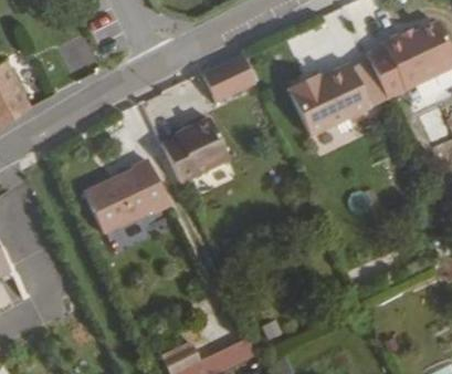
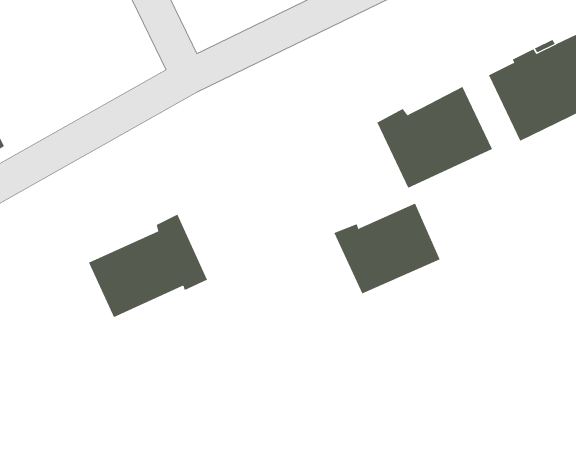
building: [201,48,259,100] -> none
building: [160,128,235,193] -> [333,203,441,294]

